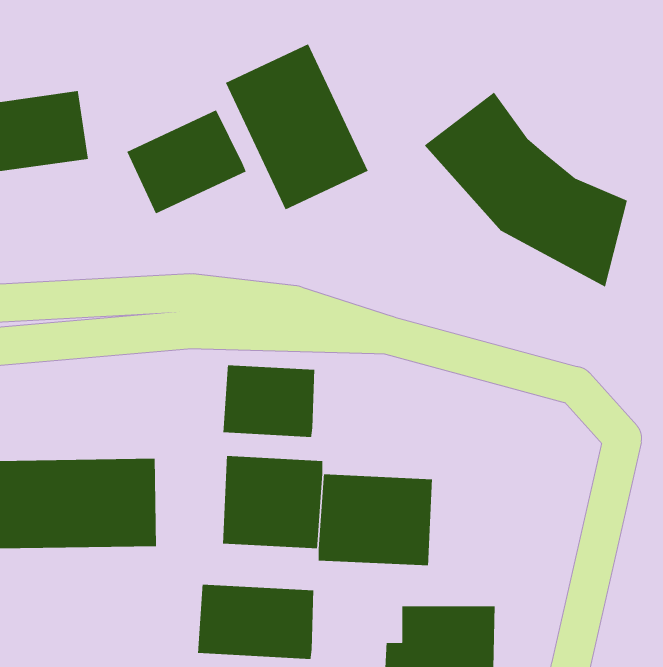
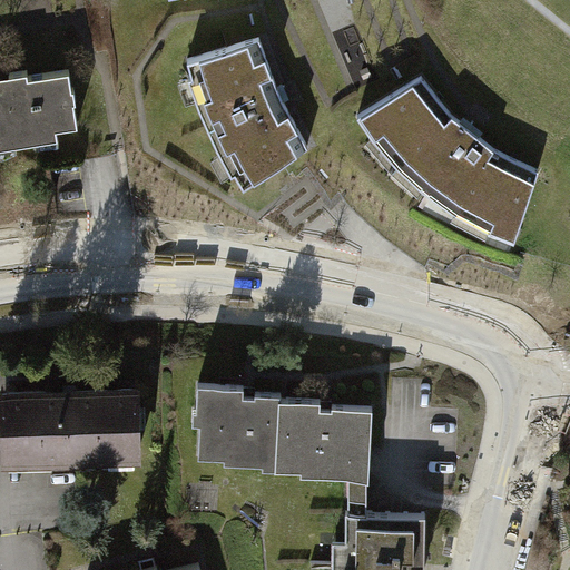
building: [126,109,247,214] -> none
building: [223,365,315,438] -> none
building: [197,584,314,660] -> none

